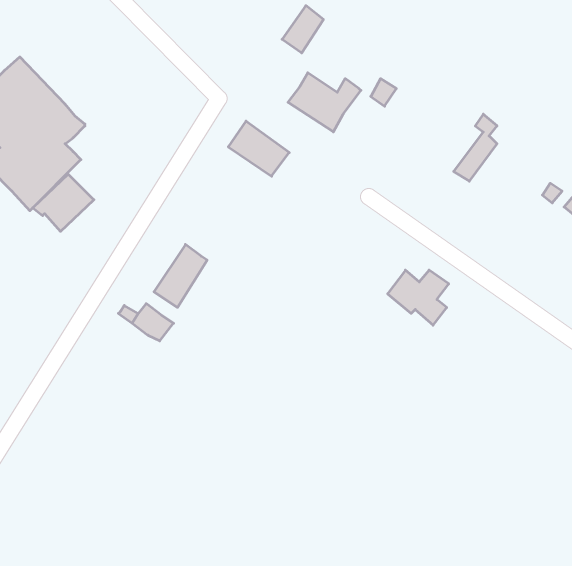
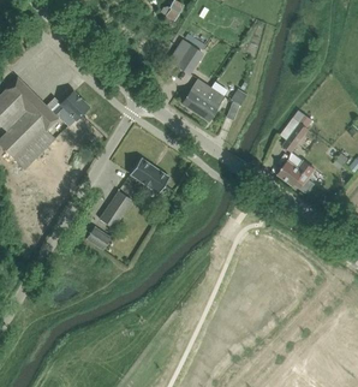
building: [228,121,289,176] -> [130,157,167,191]
building: [33,174,94,231] -> [50,91,88,126]
building: [388,270,449,325] -> [278,160,315,194]

